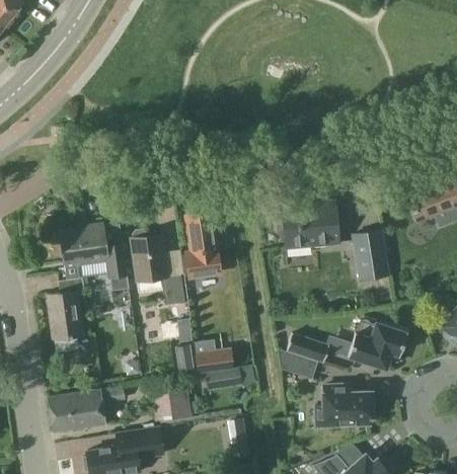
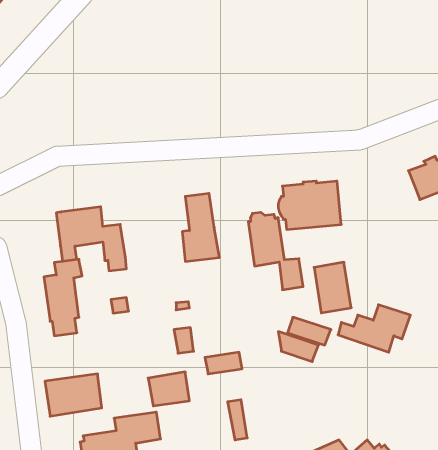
building: [131,229,184,305] -> [248,212,303,290]
building: [353,230,389,280] -> [314,262,351,313]
building: [195,348,233,374] -> none
building: [322,385,371,425] -> none

